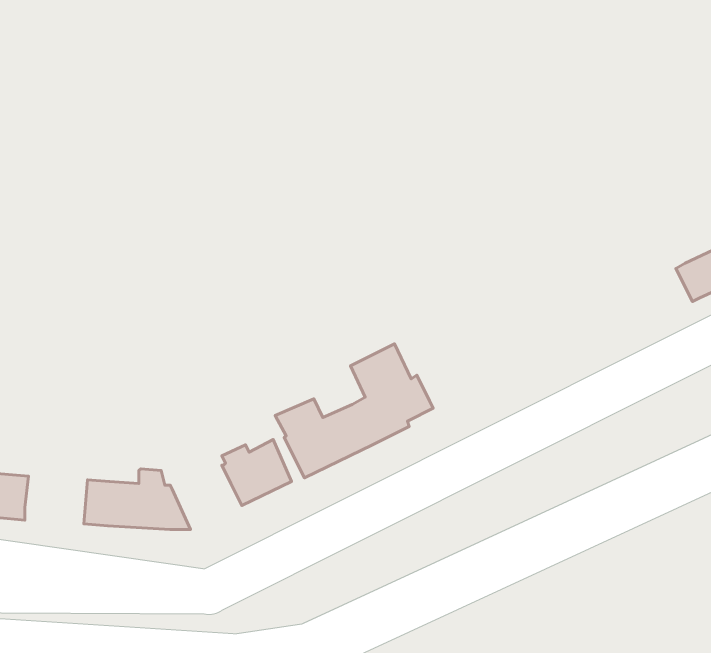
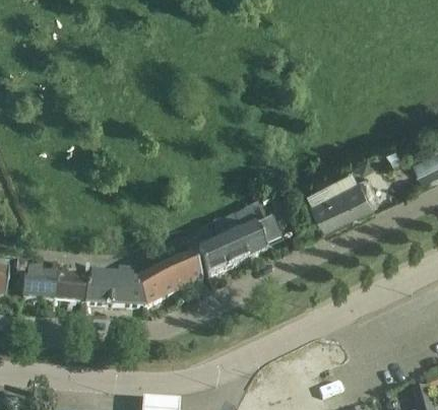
building: none -> [310,173,374,224]
building: none -> [132,268,171,303]
building: none -> [51,274,85,300]

